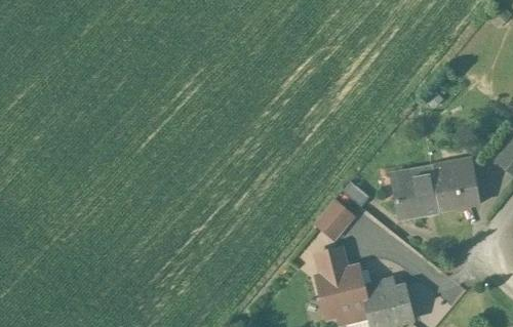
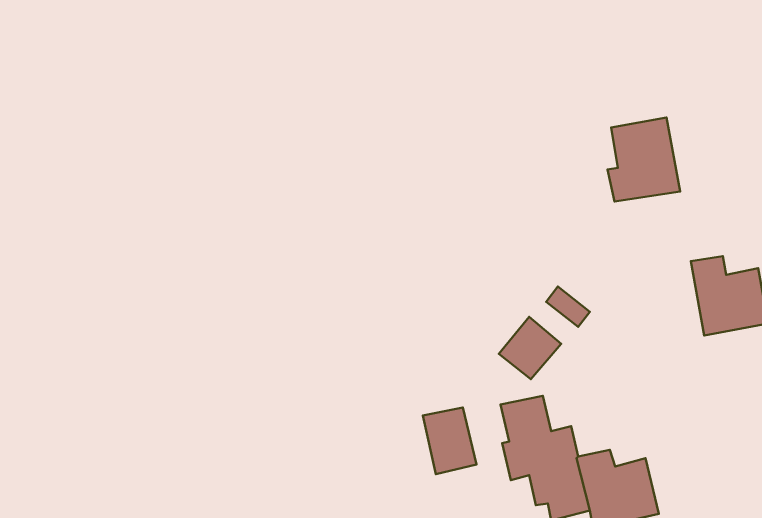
building: [396,166,440,217] -> [608,117,680,202]
building: none -> [423,408,476,474]

